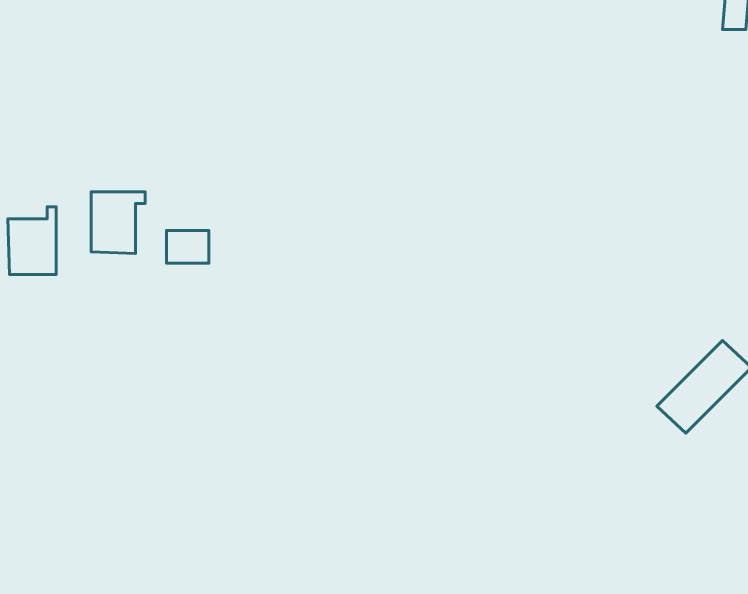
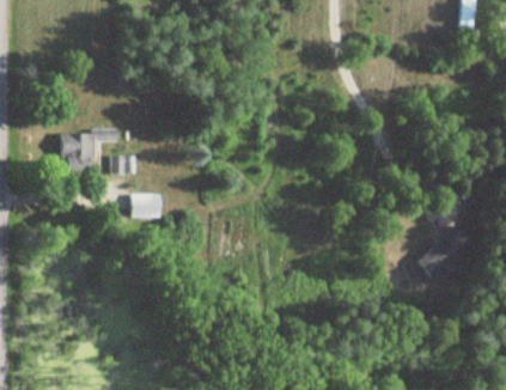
building: [8,207,56,275] -> none
building: none -> [132,195,158,218]

